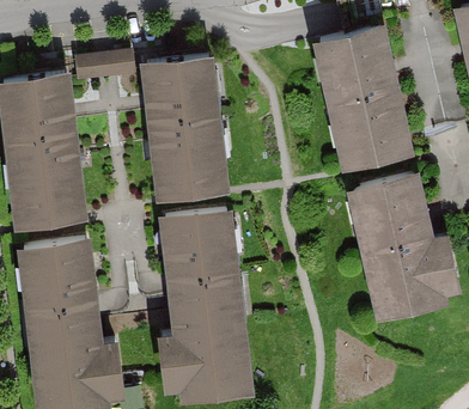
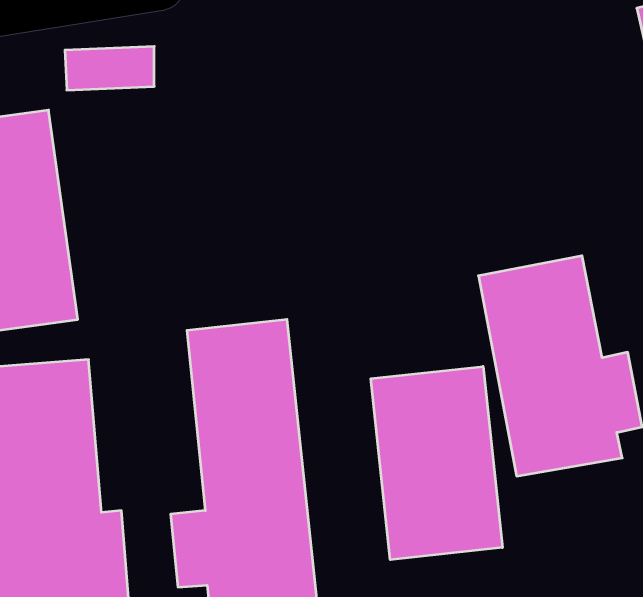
building: [318,28,413,170] -> none
building: [140,61,225,197] -> none
building: none -> [371,366,502,560]

